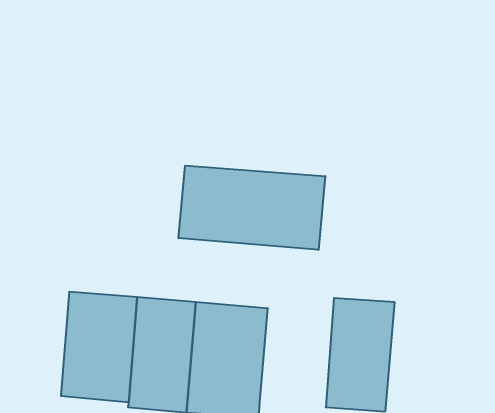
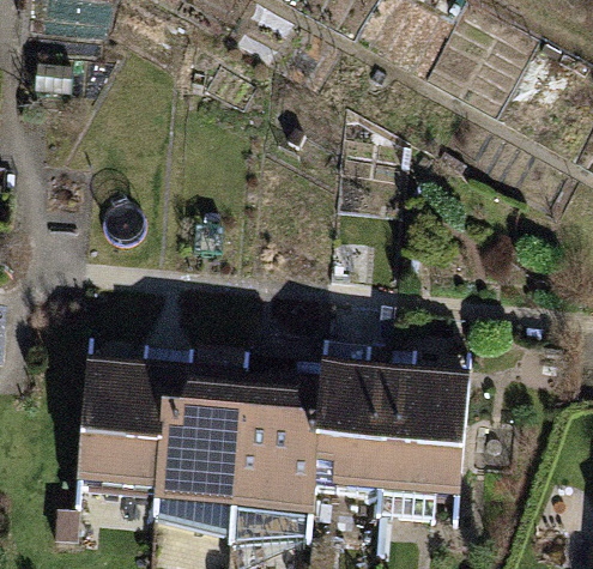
building: [179,166,325,250] -> none
building: none -> [309,376,395,509]

